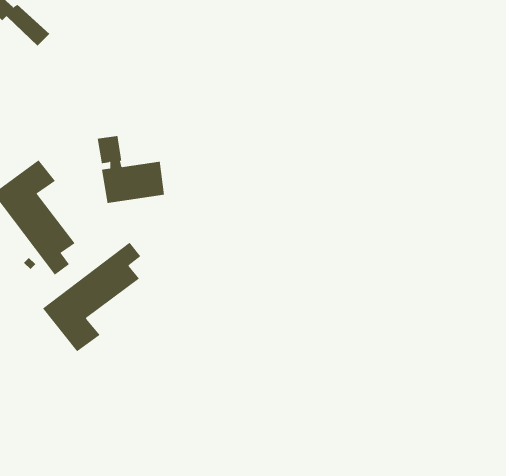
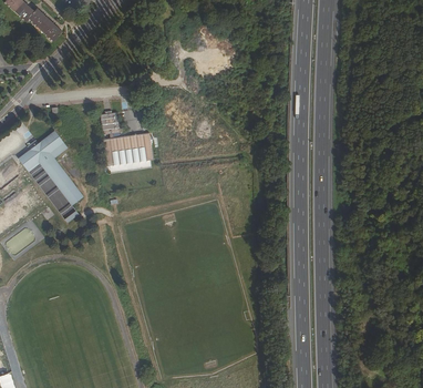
building: [42,242,141,352] -> none

